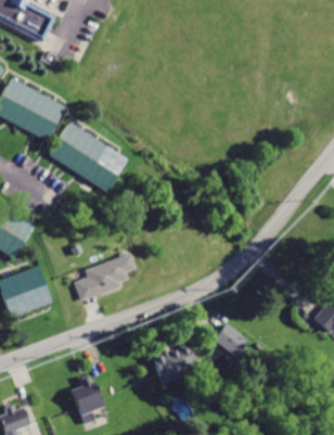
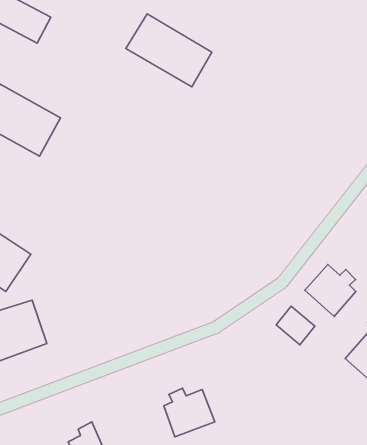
building: [51,125,126,189] -> [126,14,212,87]
building: none -> [305,265,356,316]
building: [75,253,136,302] -> none
building: [215,321,248,355] -> [276,306,315,345]

